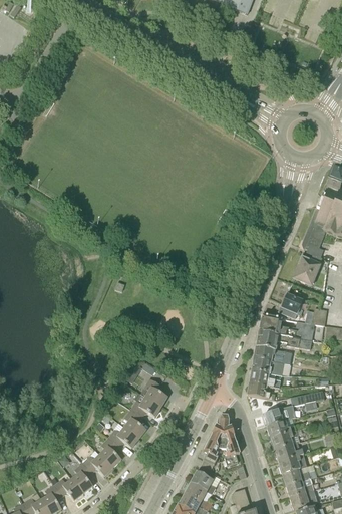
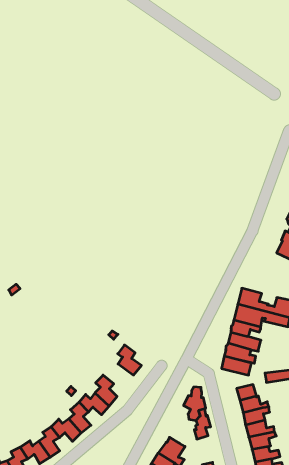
building: [278,294,302,318] -> none
building: [130,393,160,417] -> none
building: [200,434,219,471] -> none

